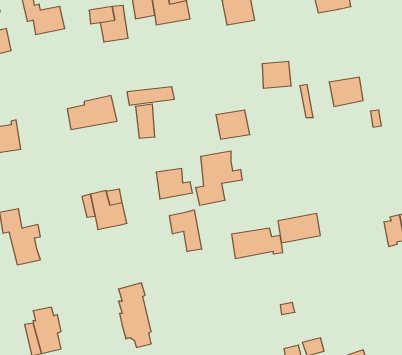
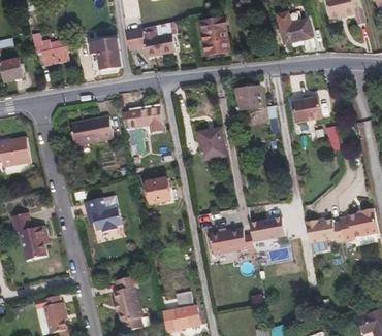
building: [196,151,242,205] -> none
building: [170,210,202,252] -> none
building: none -> [305,219,342,242]
building: none -> [161,290,197,323]

